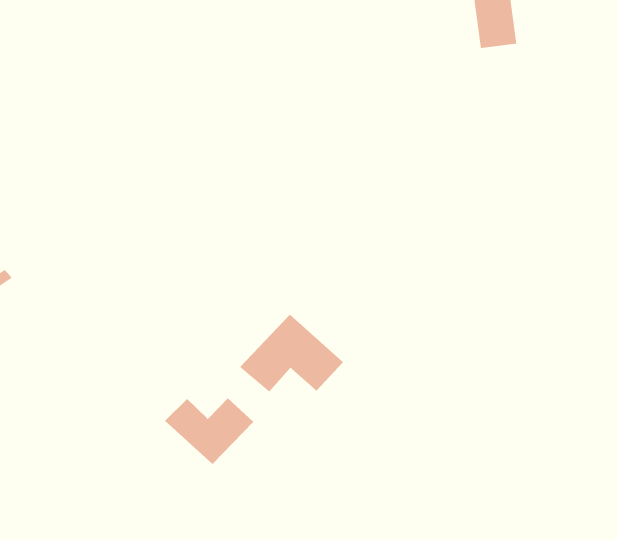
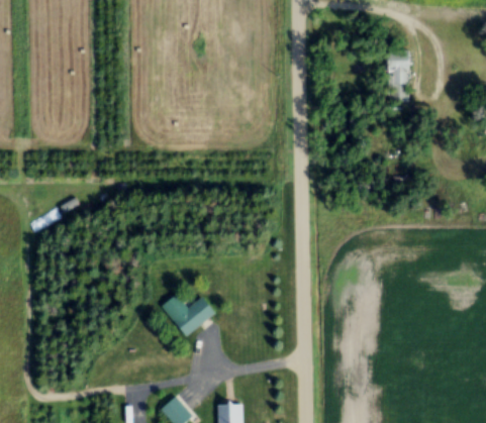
building: [239,314,344,393] -> none

